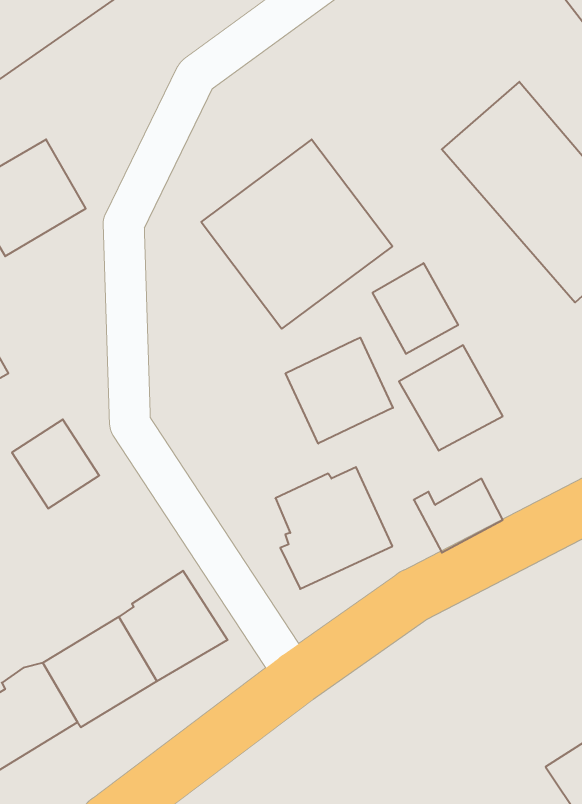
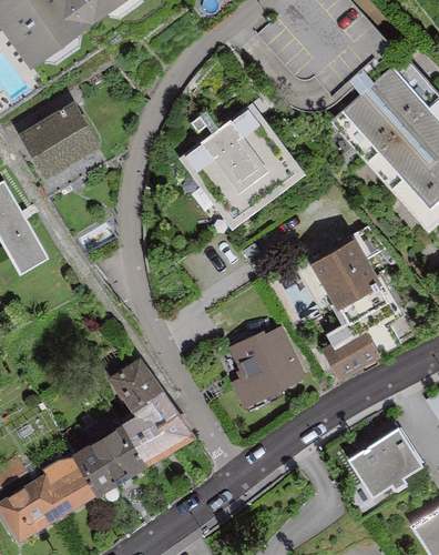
building: [373,263,458,354] -> none
building: [286,338,393,444] -> none
building: [12,419,99,508] -> [106,355,165,415]
building: none -> [345,427,422,500]

